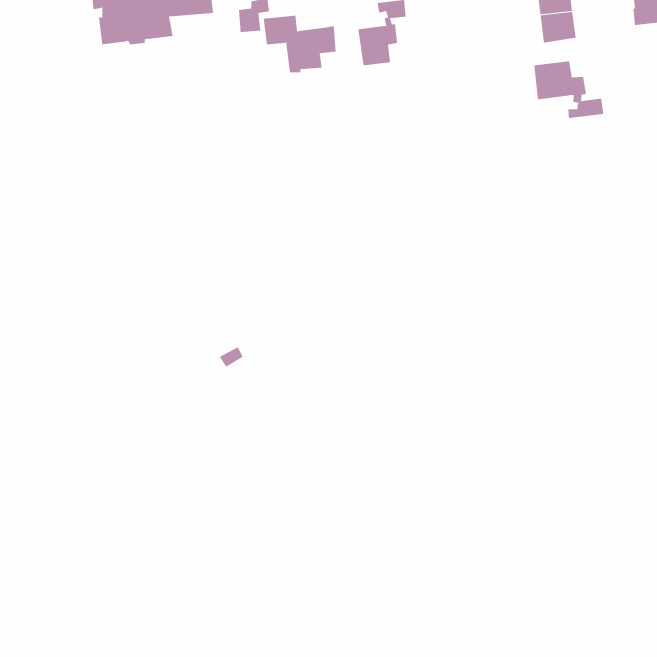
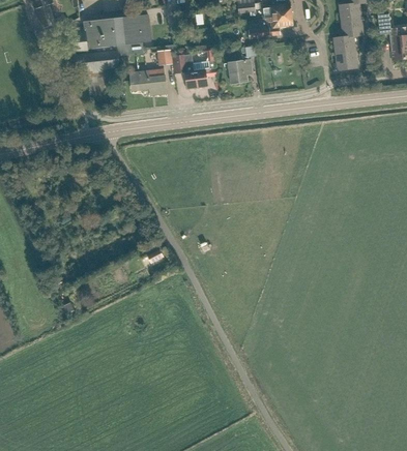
building: none -> [130,70,166,94]
building: [534,60,604,119] -> none

